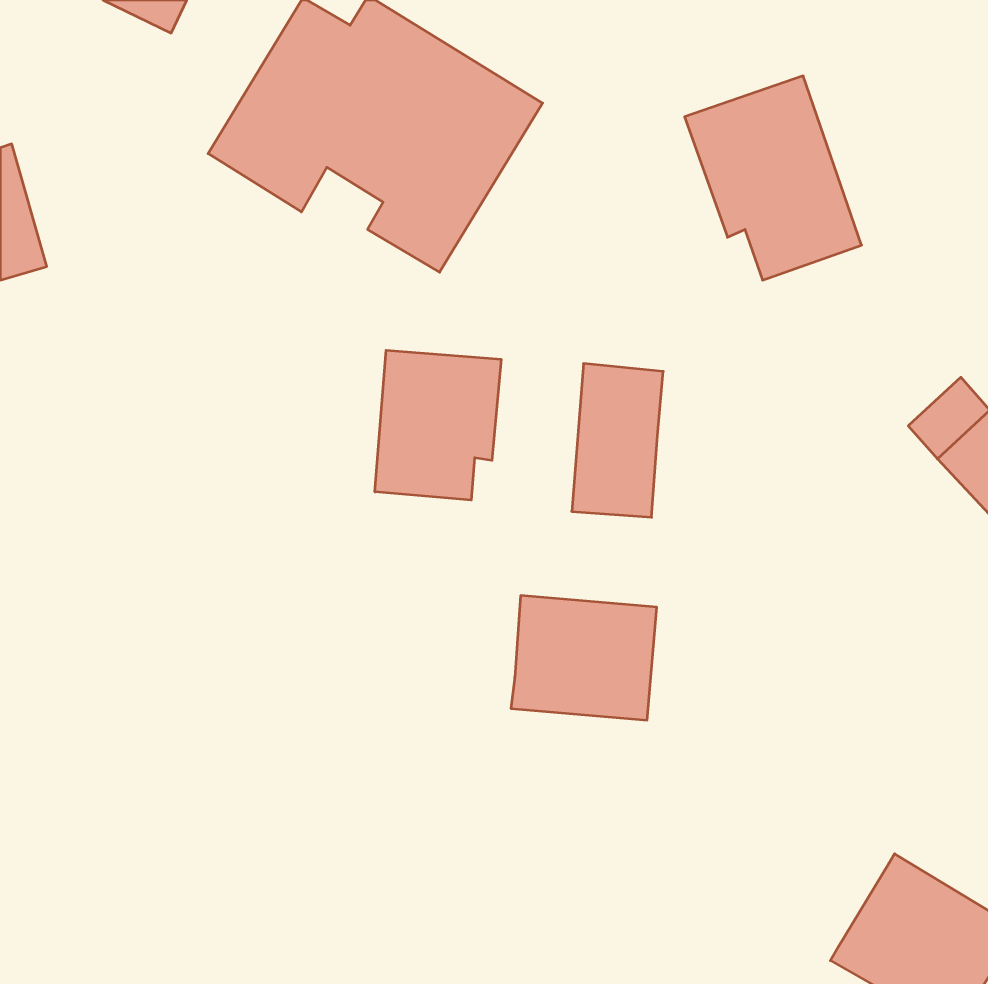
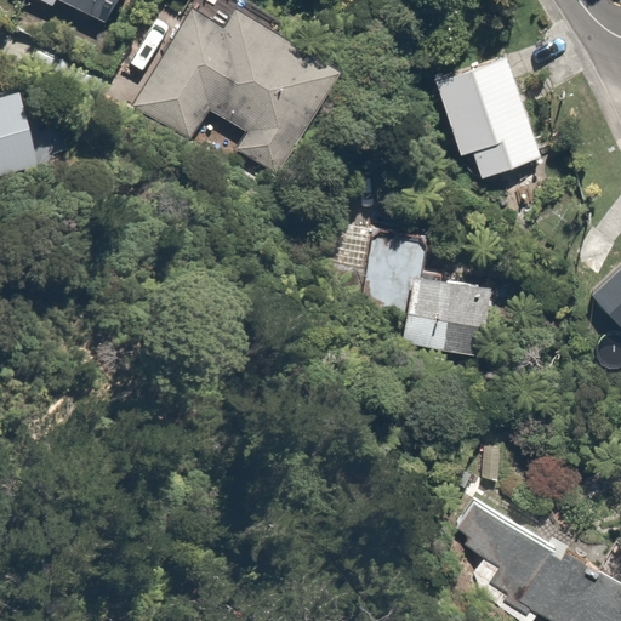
building: [375,350,501,500] -> none
building: [511,596,657,720] -> [408,278,498,355]
building: none -> [456,496,558,597]

